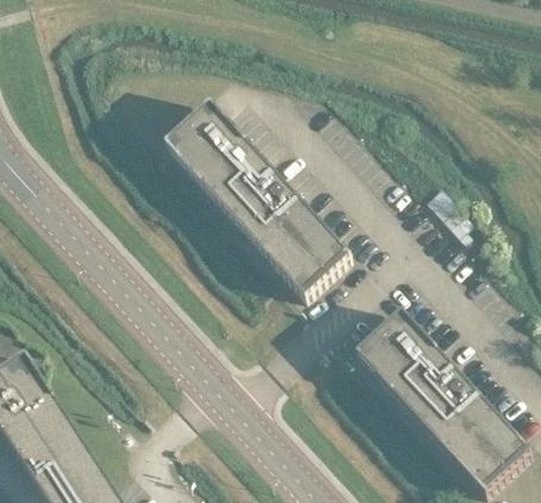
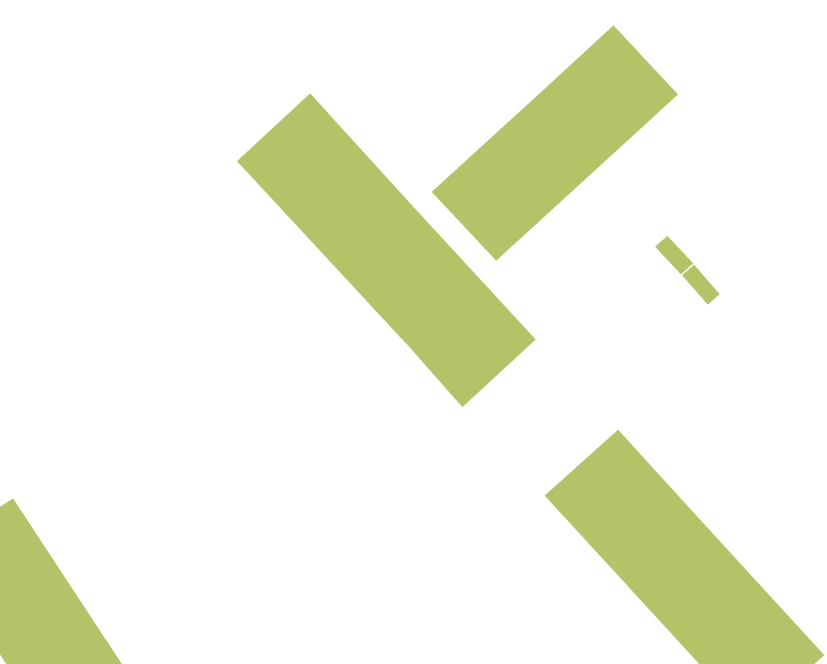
building: none -> [431,25,679,262]

